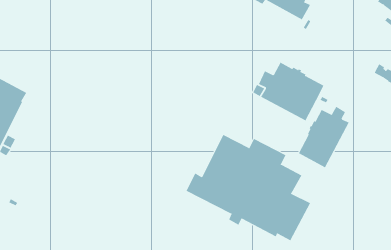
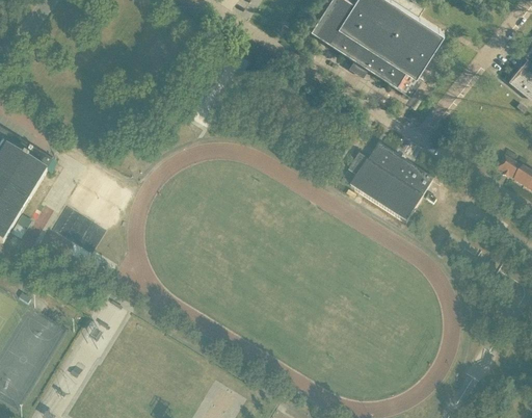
building: [298,106,349,168] -> none
building: [186,134,311,241] -> none

